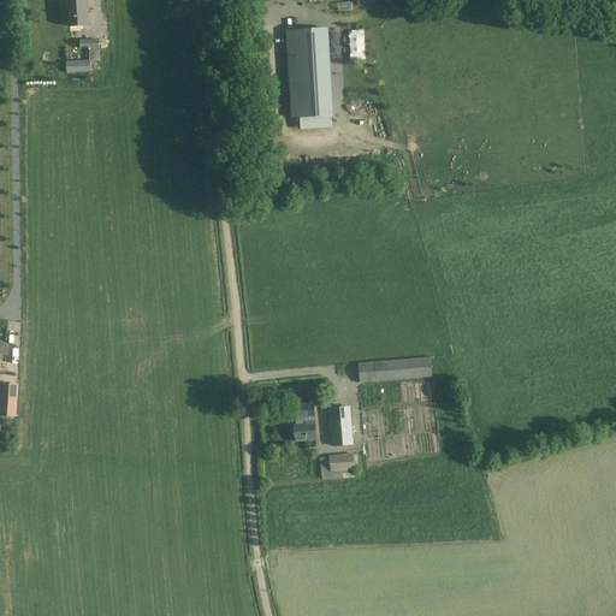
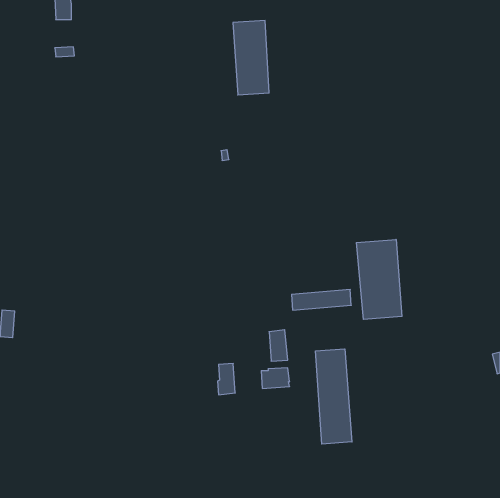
building: none -> [356,239,402,319]
building: [295,402,316,440] -> [218,364,235,395]
building: none -> [316,349,352,444]

